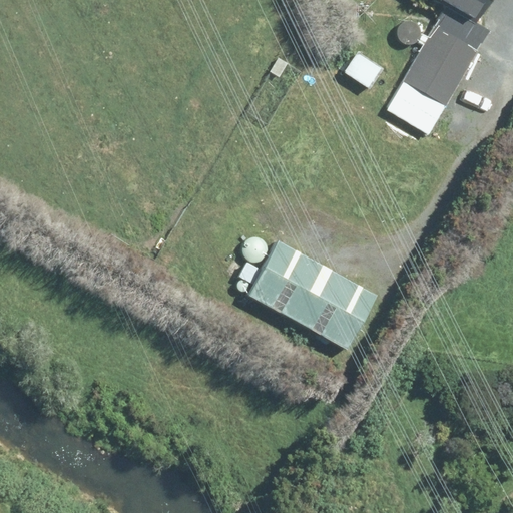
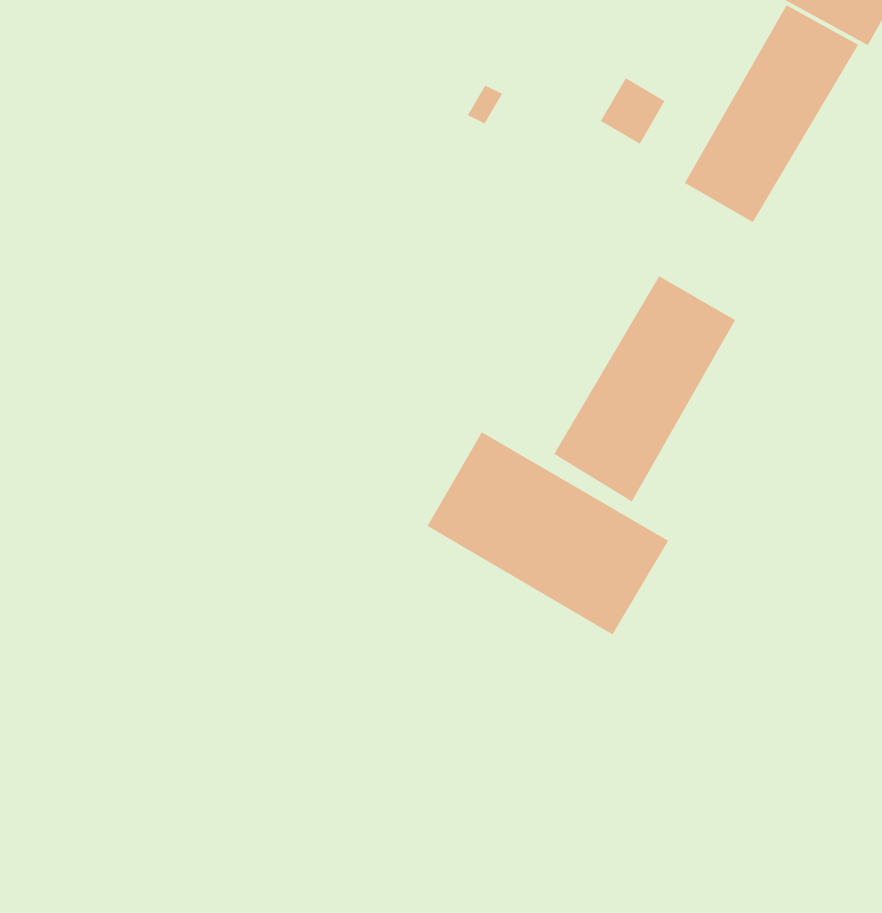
building: none -> [553,275,736,502]

